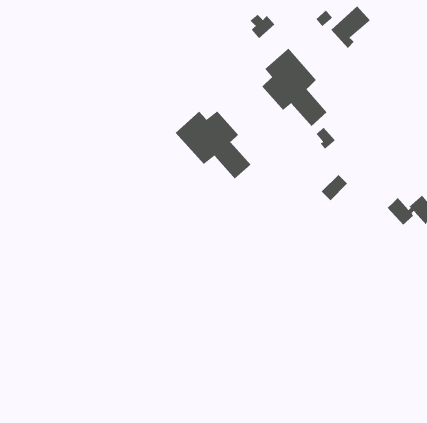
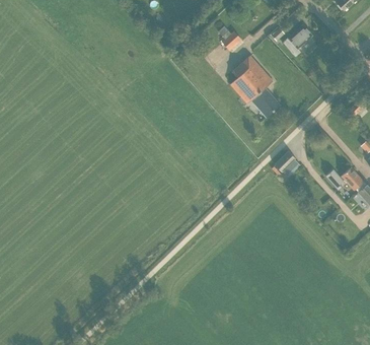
building: [175,110,252,179] -> none

